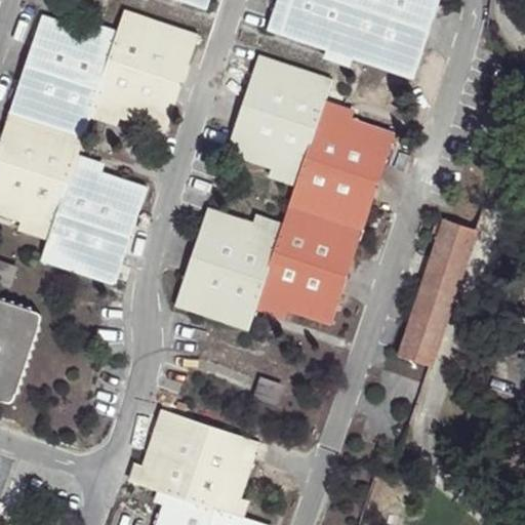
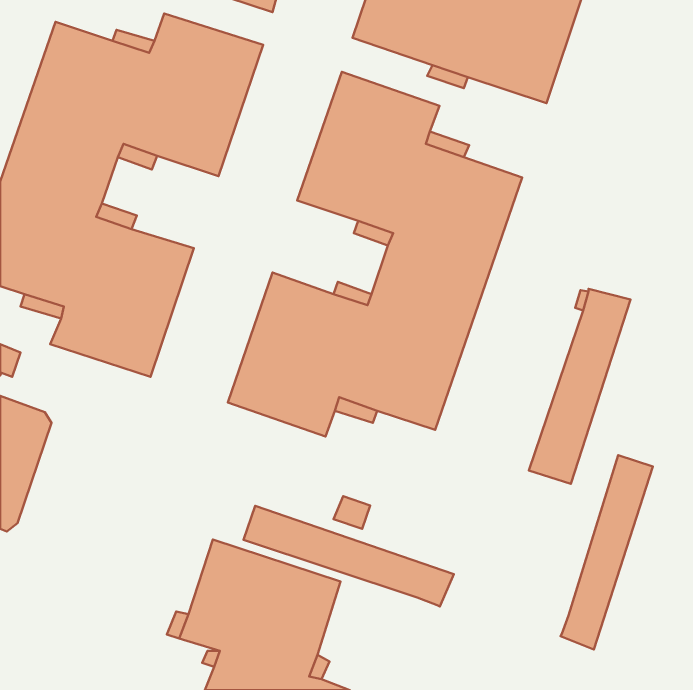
building: none -> [561,455,653,649]
building: none -> [243,506,454,607]

